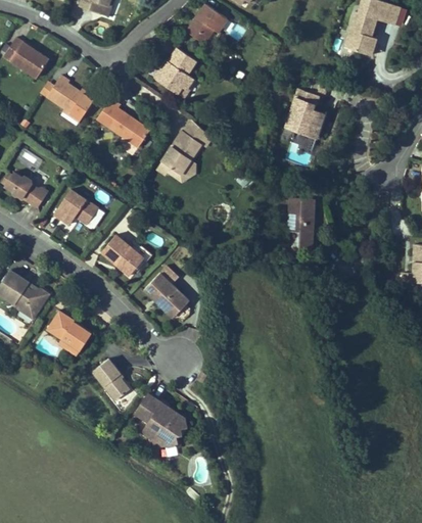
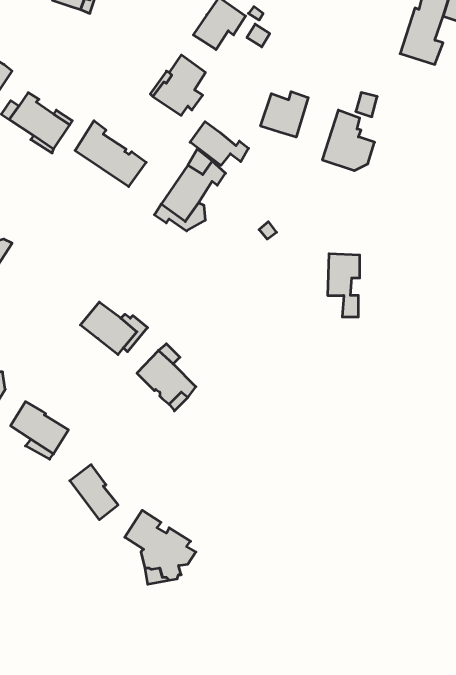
building: none -> [261,92,308,137]
building: none -> [190,122,249,165]
building: [54,189,98,225] -> none

